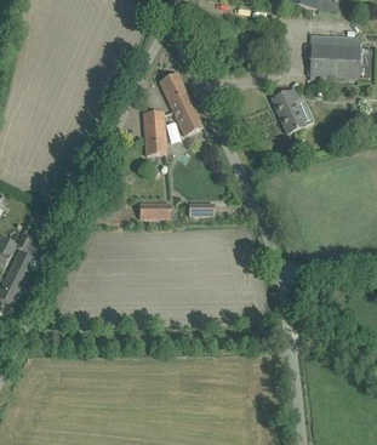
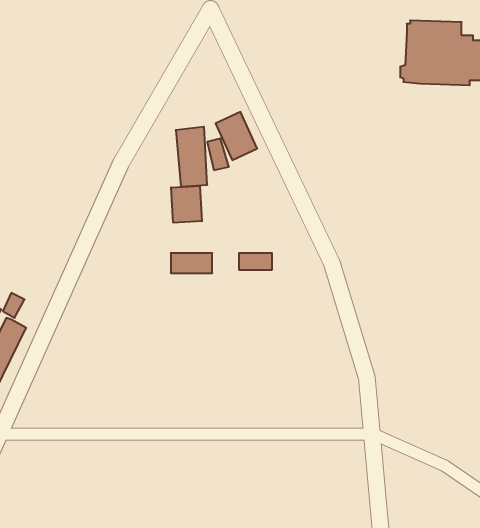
building: [158,73,189,108] -> none
building: [270,89,313,133] -> none
building: none -> [171,186,202,223]

